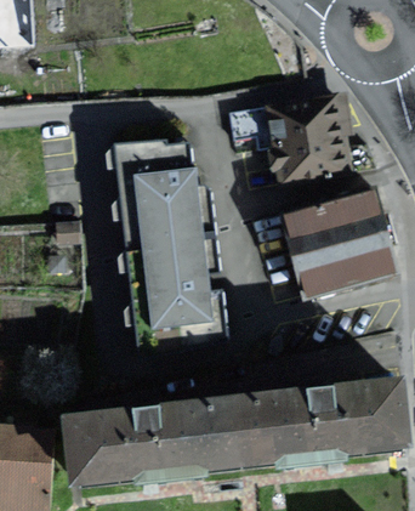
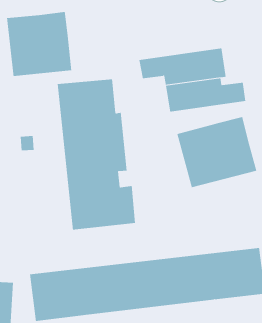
building: none -> [6,11,72,77]

